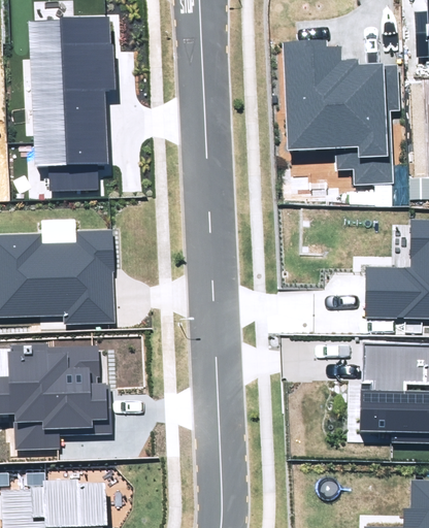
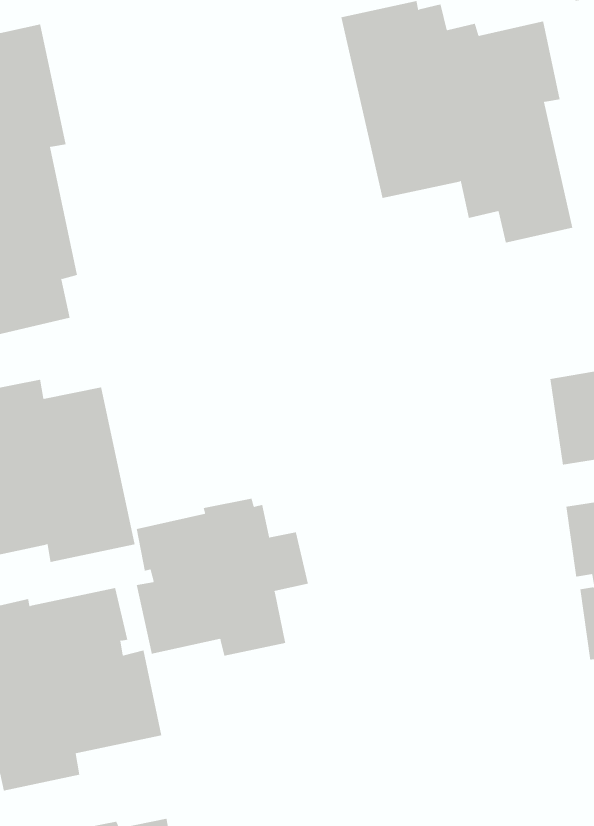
building: none -> [136,498,309,657]

